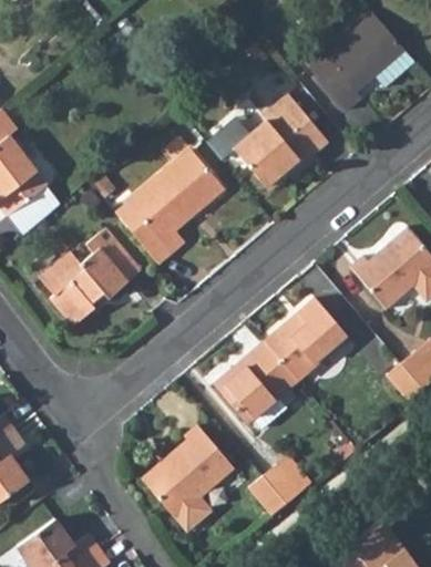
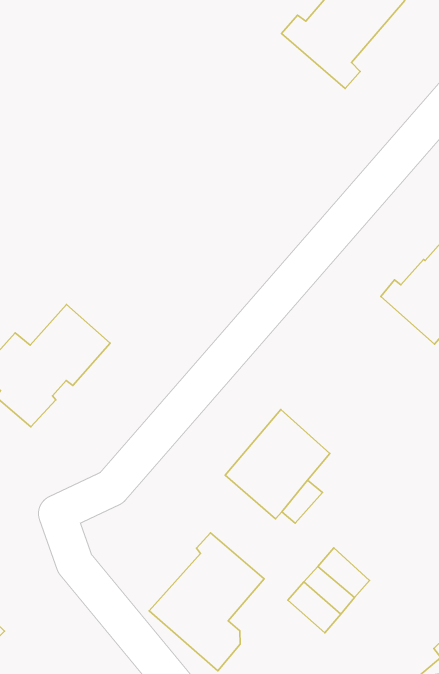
building: [226,85,319,175] -> none
building: [129,150,223,255] -> none
building: [263,301,345,381] -> none

